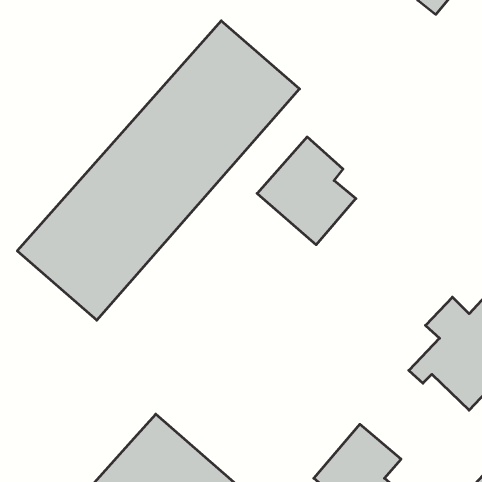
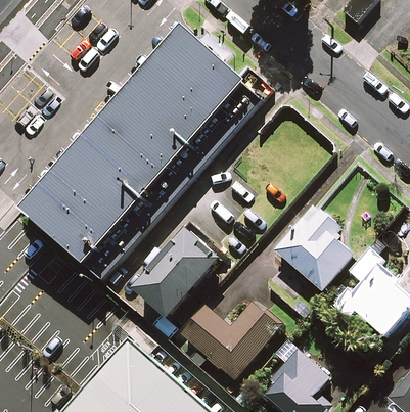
building: [257,137,356,245] -> [273,205,352,291]
building: none -> [135,231,219,318]
building: none -> [180,302,278,379]

